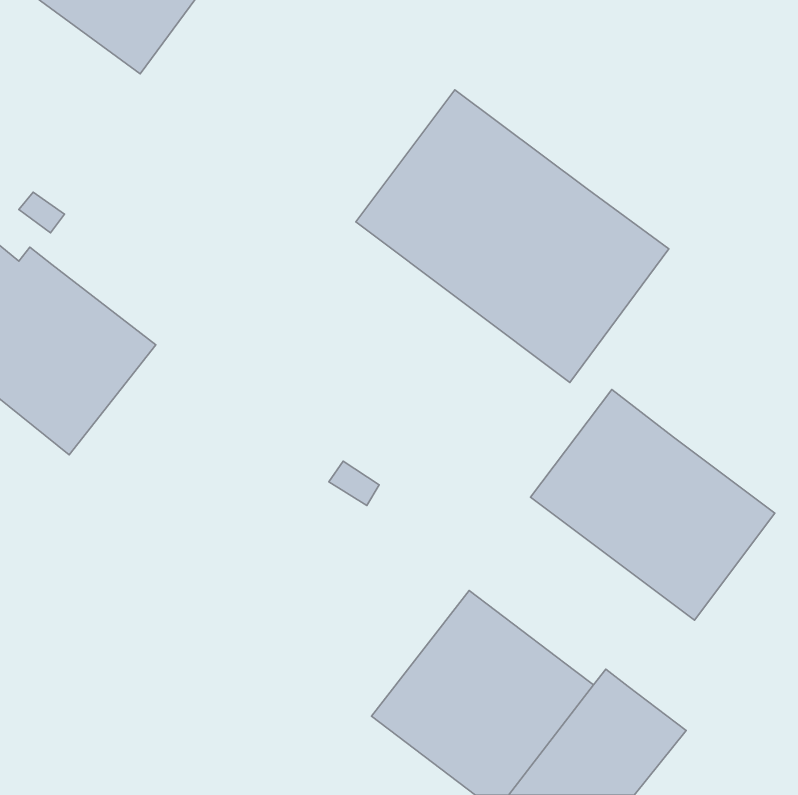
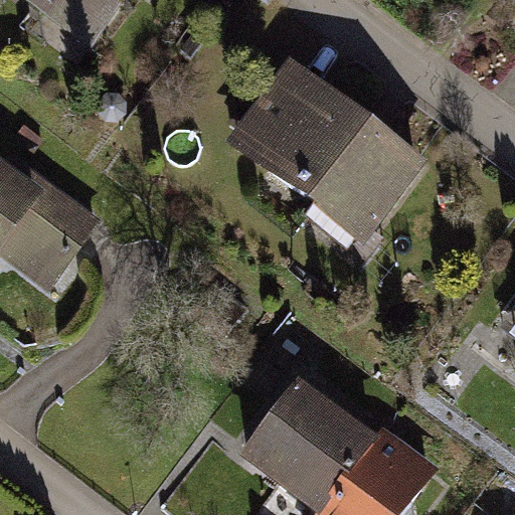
building: [531,390,775,620] -> none

